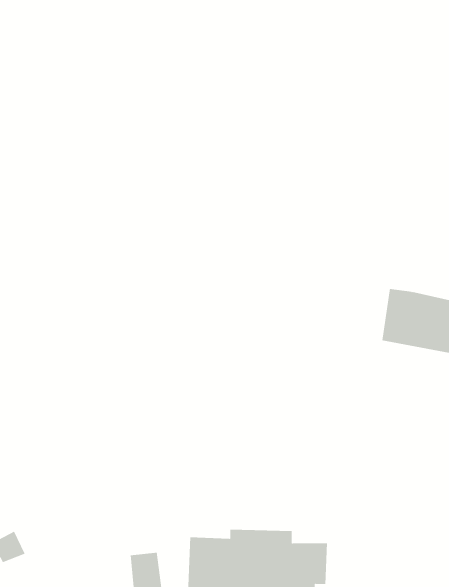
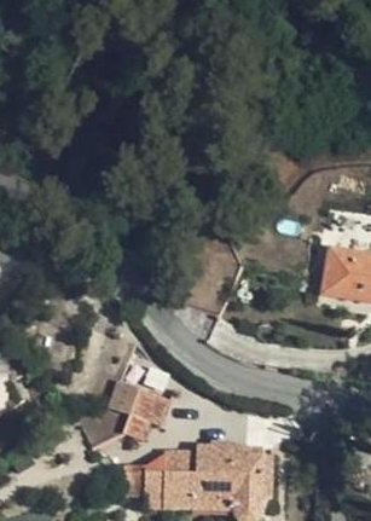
building: none -> [79,377,172,446]

